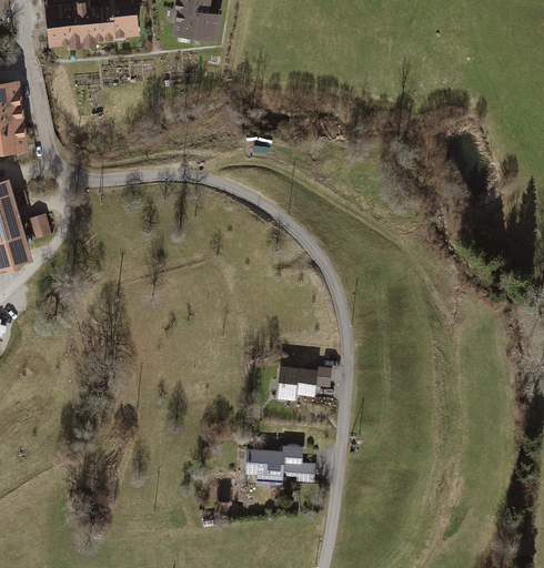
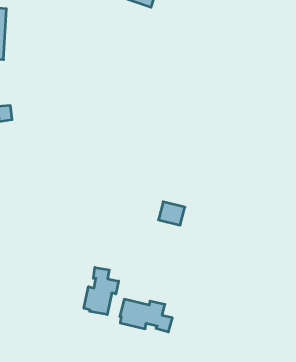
building: [282,368,315,396] -> [158,202,185,225]
building: none -> [84,267,119,315]

